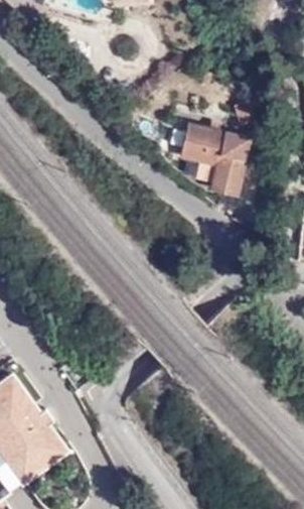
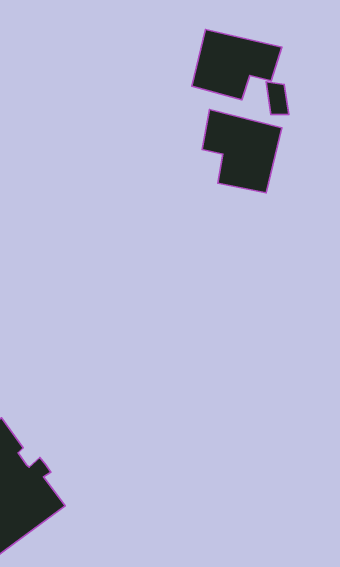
building: none -> [192,29,282,100]

